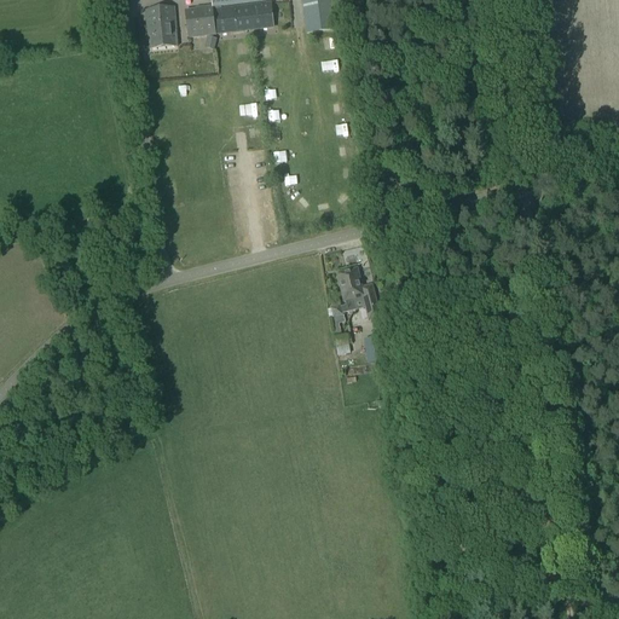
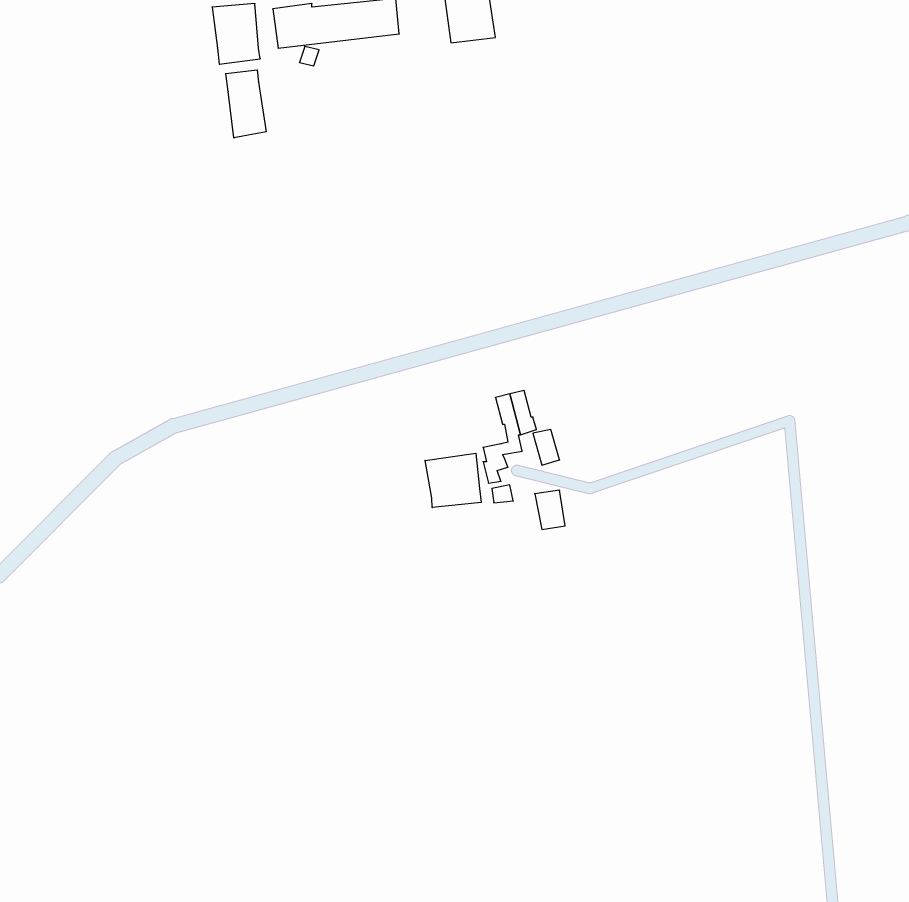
building: none -> [226,70,266,138]
building: none -> [425,453,481,508]

